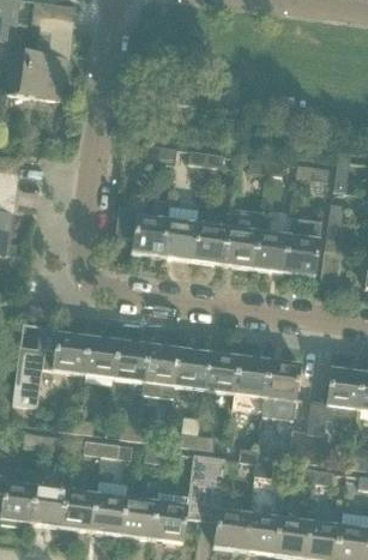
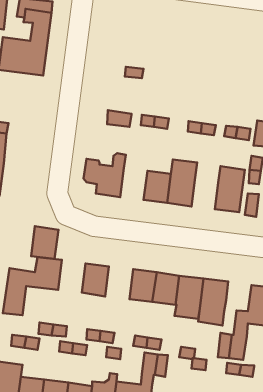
building: [164,218,199,259] -> none
building: [255,230,290,271] -> none
building: [85,336,120,378] -> [31,226,58,259]
building: [144,344,181,397] -> none

